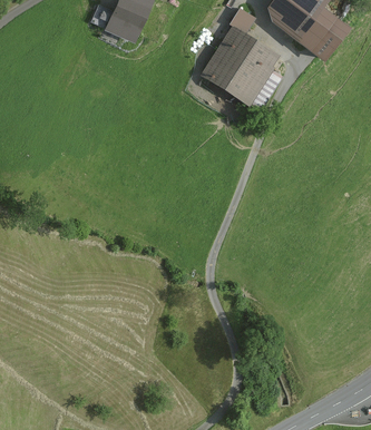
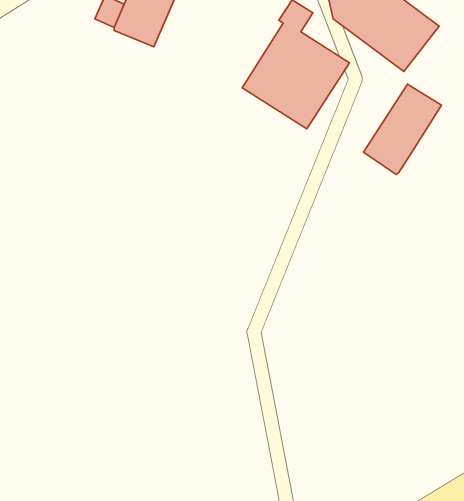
building: none -> [364,84,441,175]

